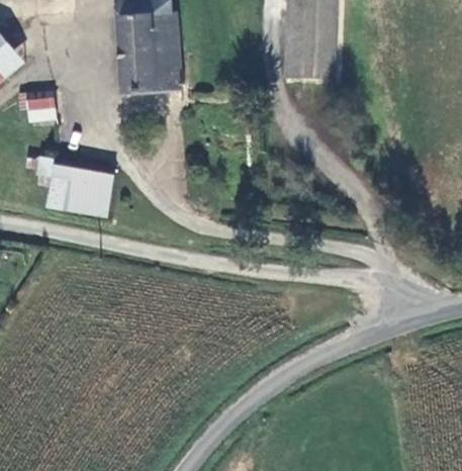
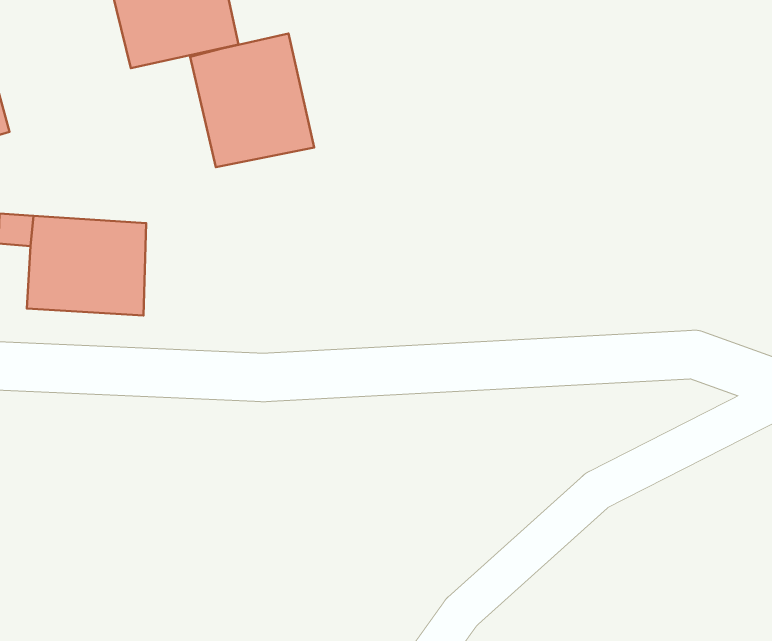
building: none -> [190,33,314,167]

